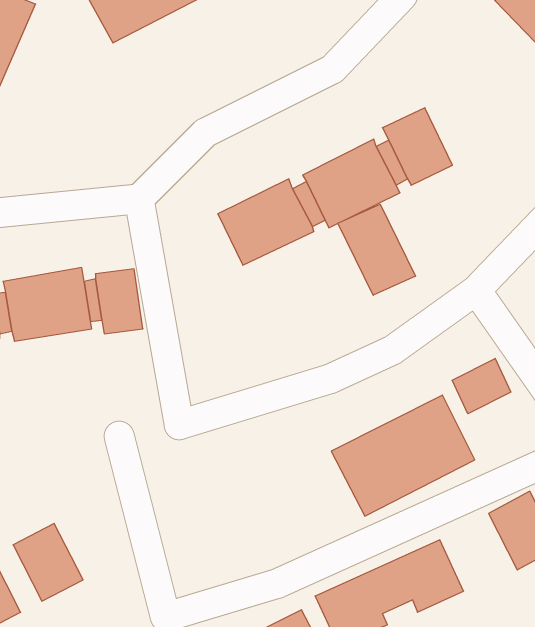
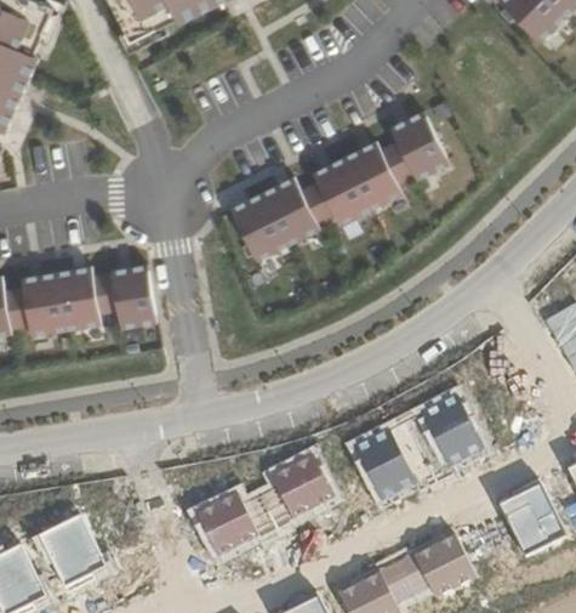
building: [338,204,415,295] -> none
building: [452,358,511,414] -> none
building: none -> [190,450,335,556]

